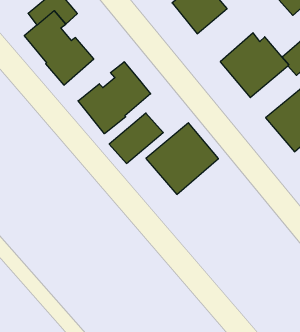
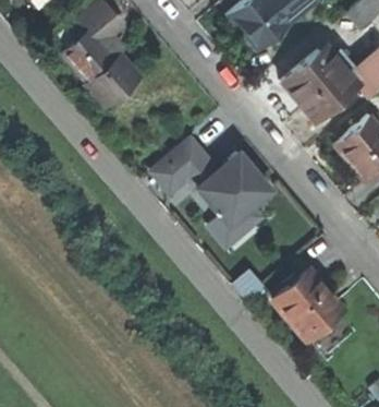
building: [78,62,151,134] -> none
building: none -> [274,271,346,345]

